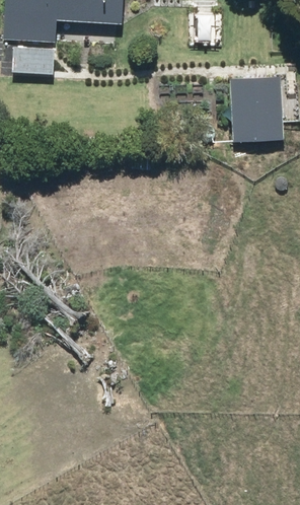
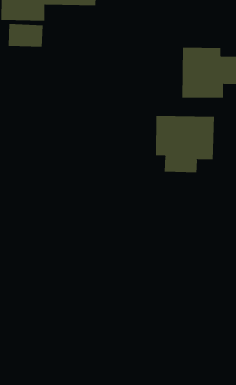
building: none -> [156,115,215,173]

